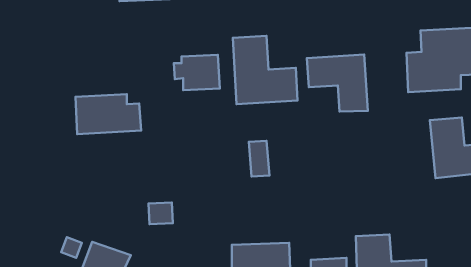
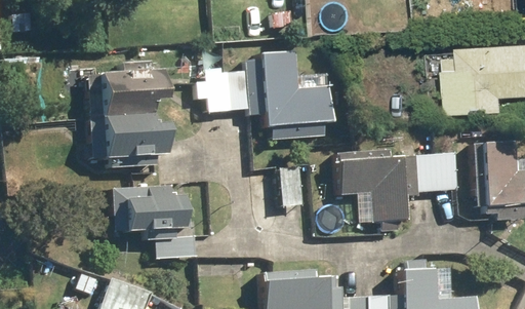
building: [307,55,368,112] -> [335,158,402,221]
building: none -> [87,72,159,116]
building: none -> [416,152,457,191]
building: none -> [110,184,192,233]

